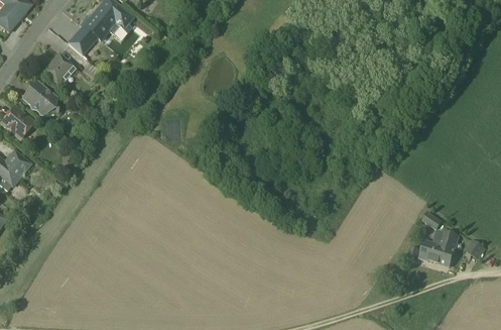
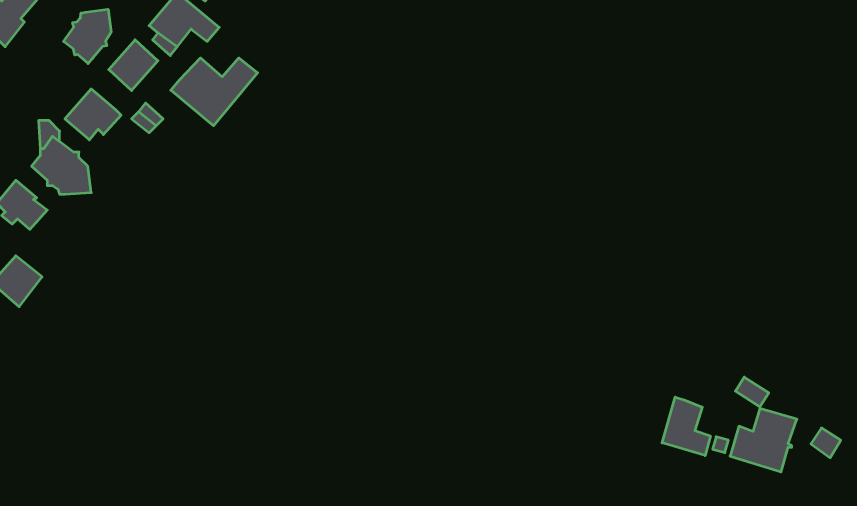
building: none -> [64,9,111,64]
building: none -> [171,58,258,126]
building: none -> [662,397,710,456]

